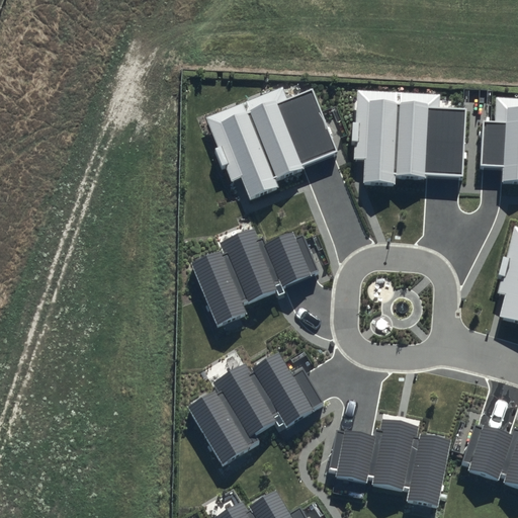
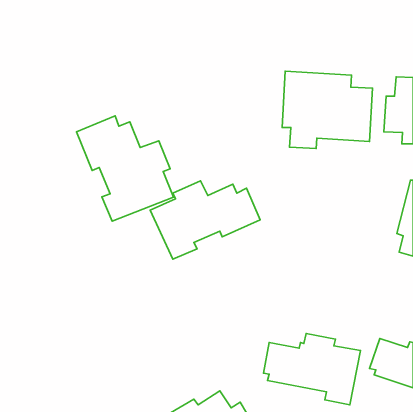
building: [205,89,338,201] -> none
building: none -> [77,116,174,221]
building: [185,353,324,465] -> none

